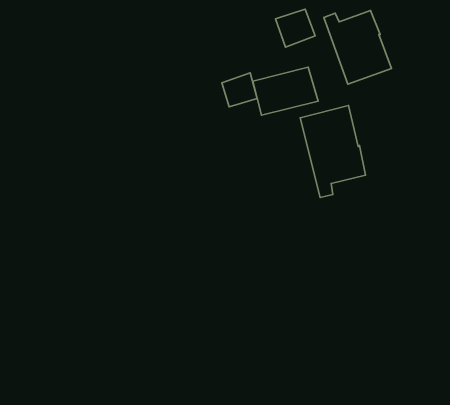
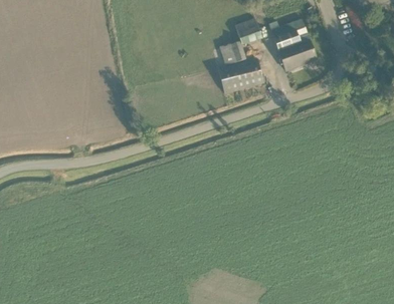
building: [222,73,257,107] -> [220,40,245,64]
building: [300,105,366,197] -> none

